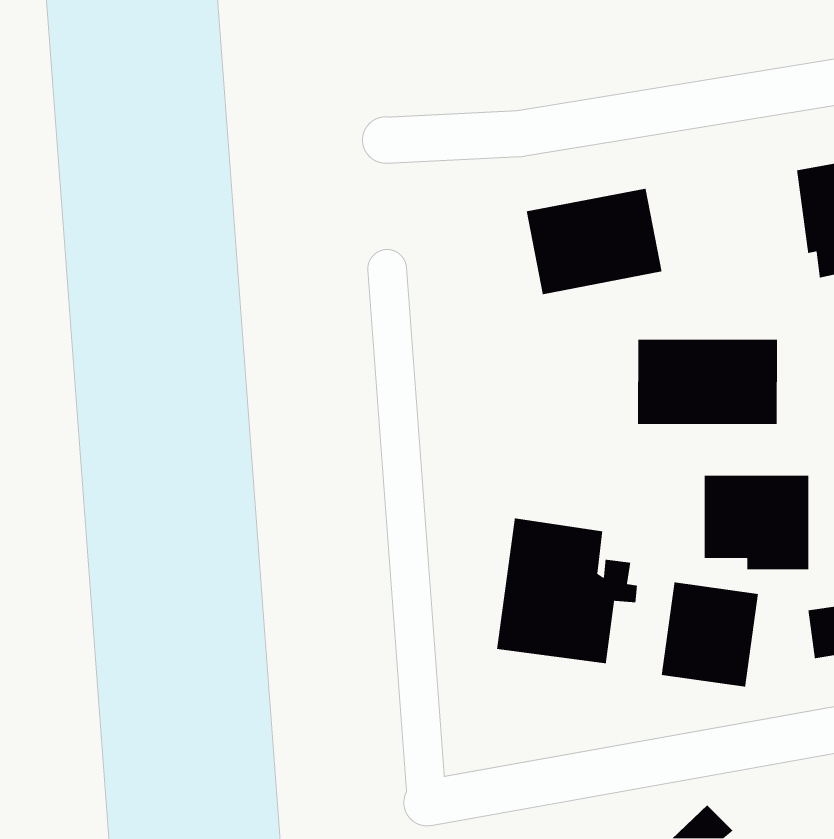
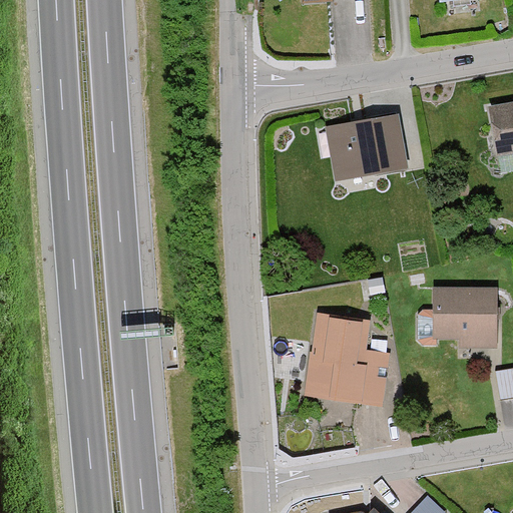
building: [637,339,778,425] -> none
building: [661,581,759,687] -> none

